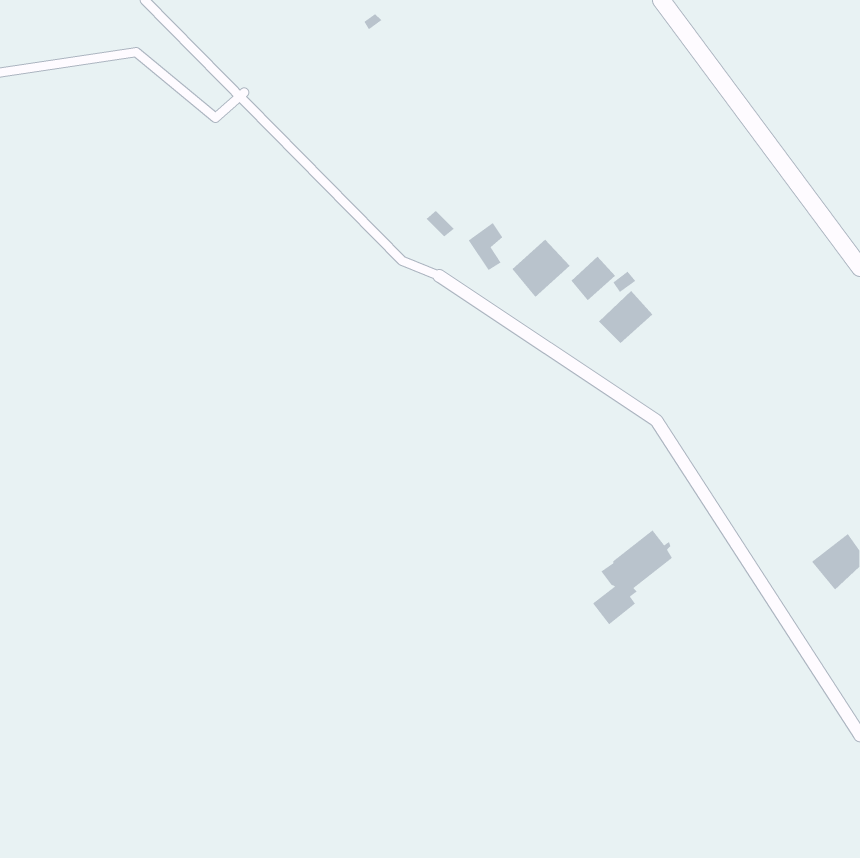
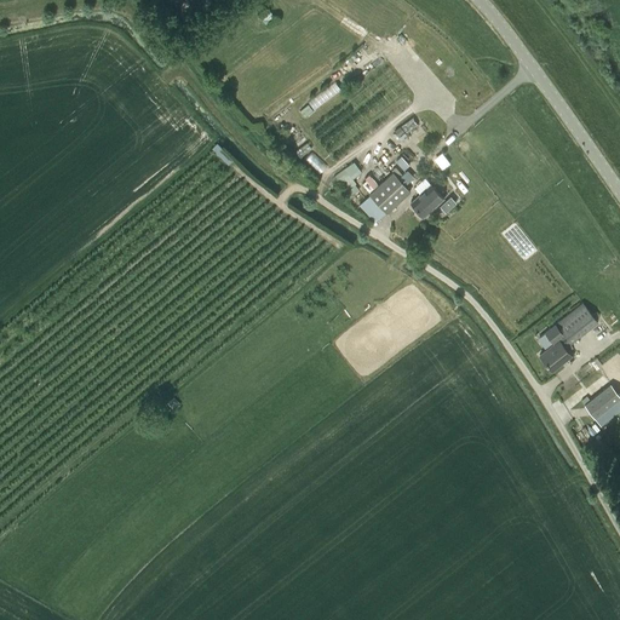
building: [598,290,653,344] -> none
building: [592,529,673,625] -> [539,303,597,372]

